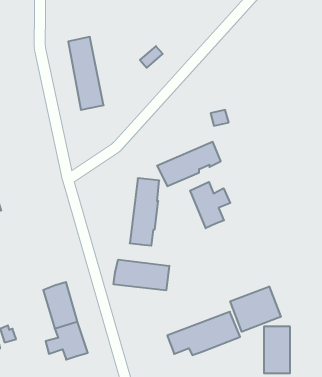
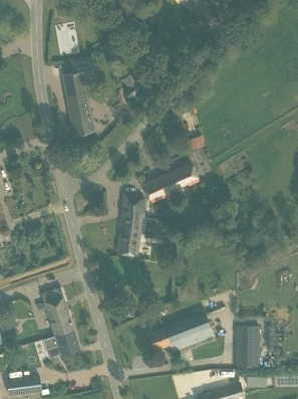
building: [190,182,230,228] -> none
building: [114,260,169,290] -> none
building: [230,286,281,332] -> none

